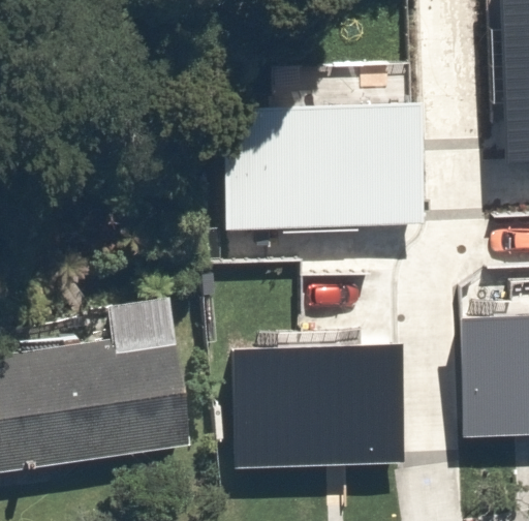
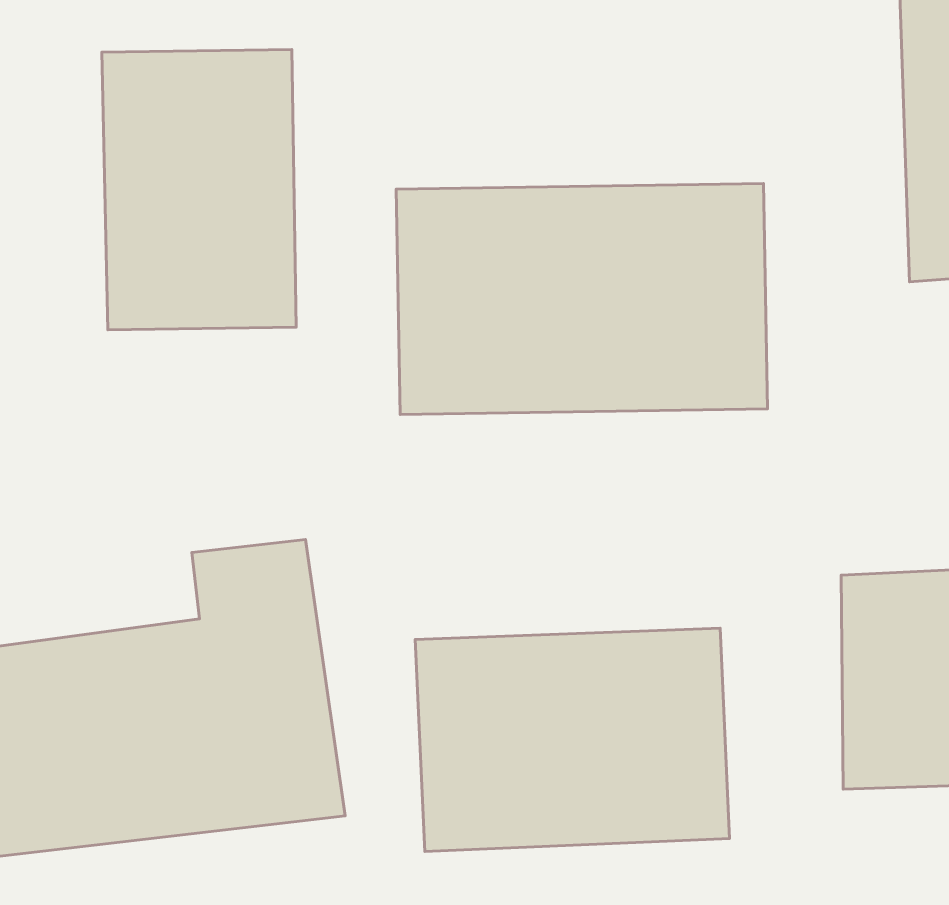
building: none -> [102,50,296,330]

